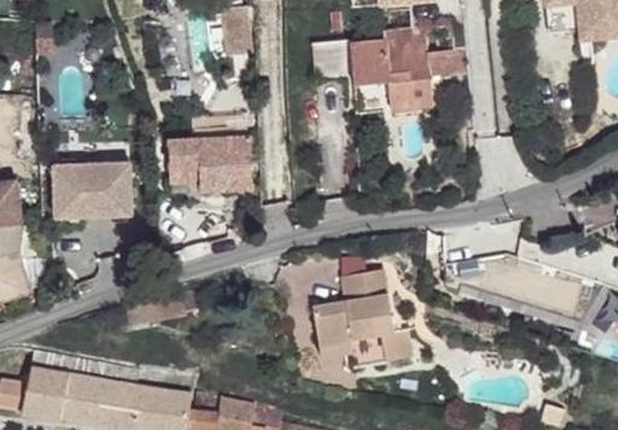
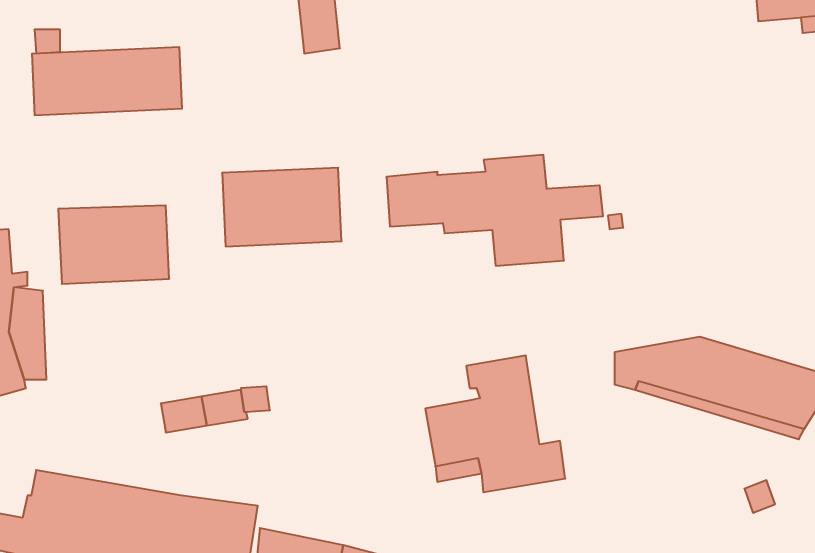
building: [314,29,467,107] -> [386,155,603,266]
building: none -> [32,47,182,115]

